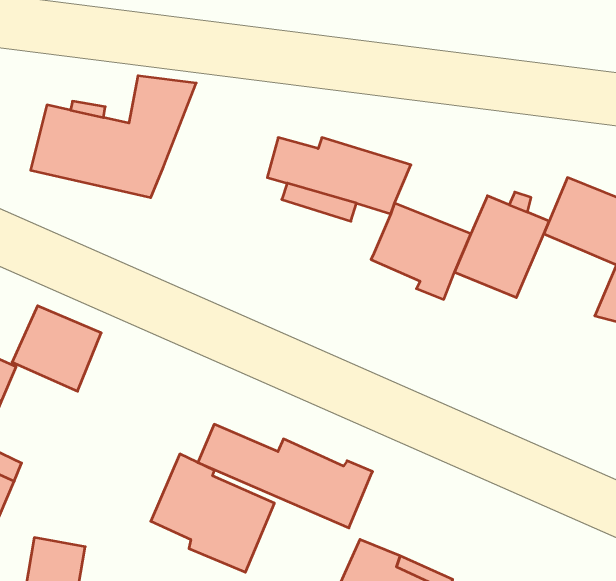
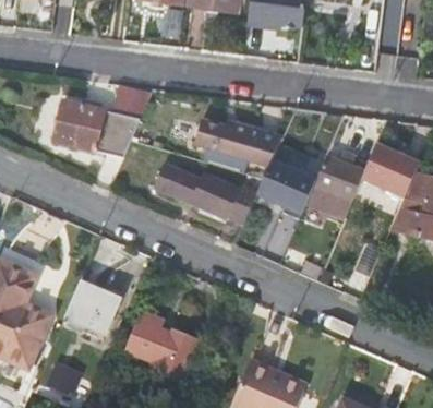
building: [12,306,101,391] -> [65,284,119,335]
building: [198,424,373,528] -> [154,165,258,227]

